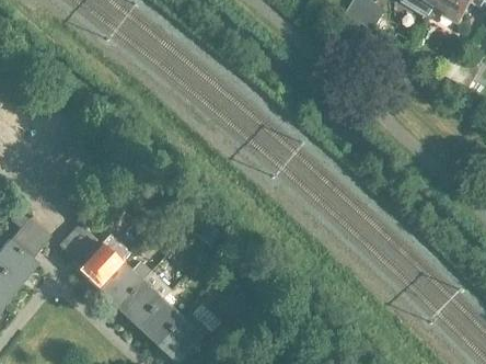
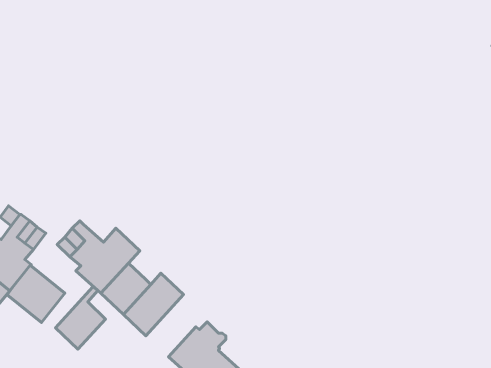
building: none -> [7,265,65,323]
building: [137,289,181,344] -> [55,287,105,349]

